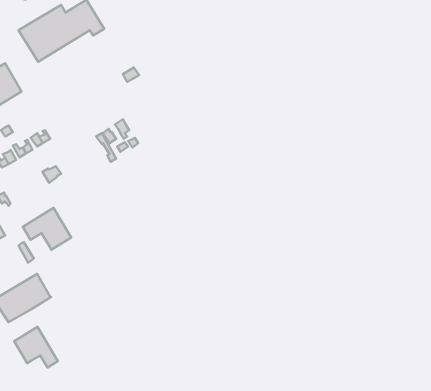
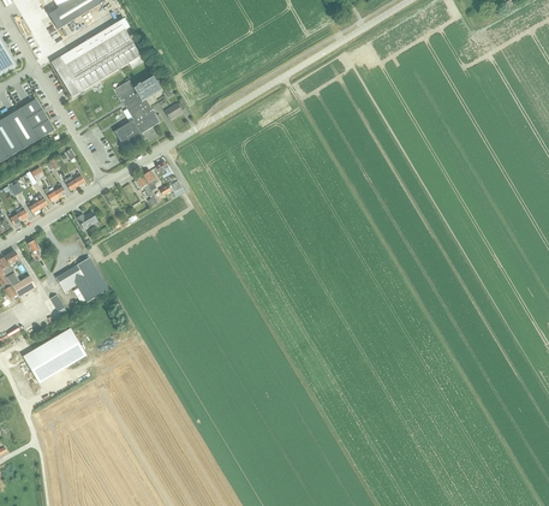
building: none -> [114,75,163,149]
building: [14,327,58,368] -> none

